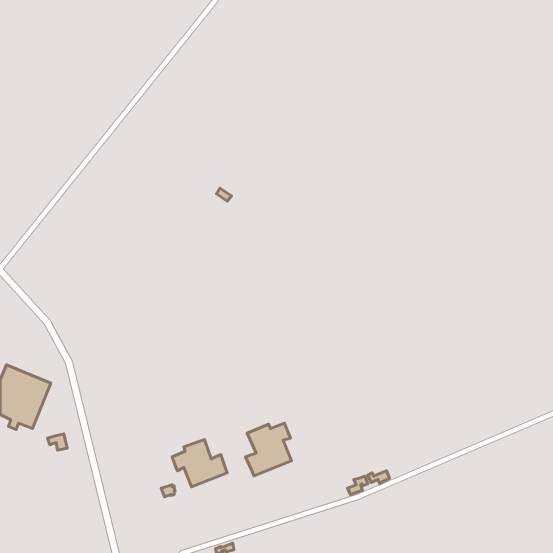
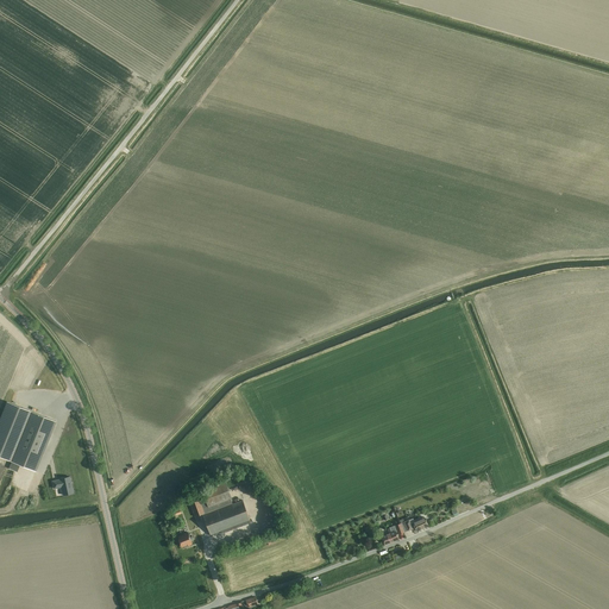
building: [245,423,291,476] -> none

